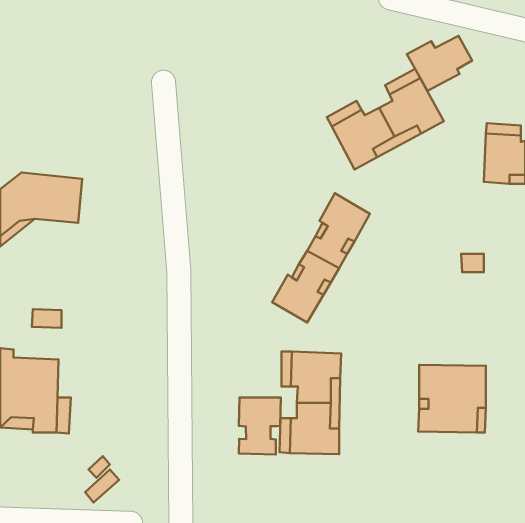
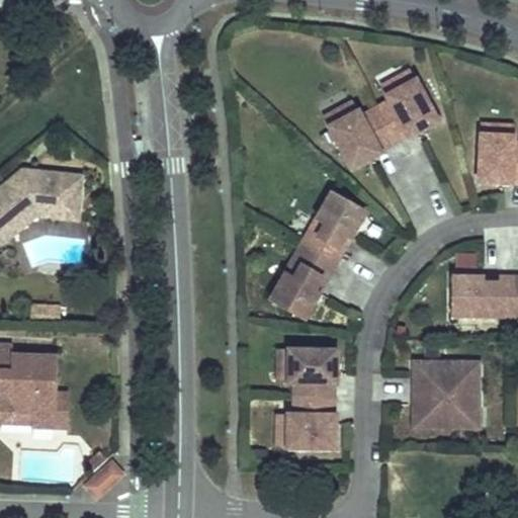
building: [407,36,472,91] -> none
building: none -> [450,275,512,315]
building: [239,398,281,454] -> none

